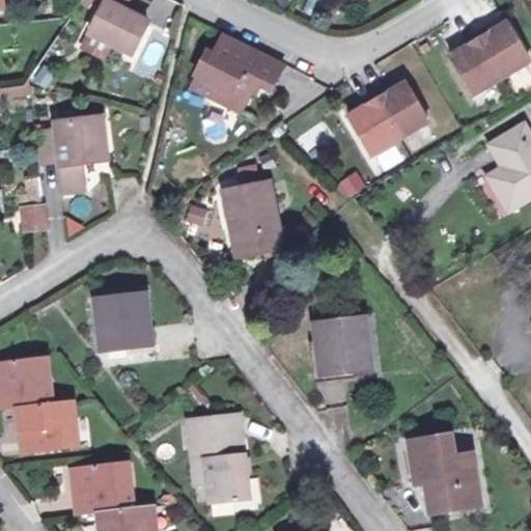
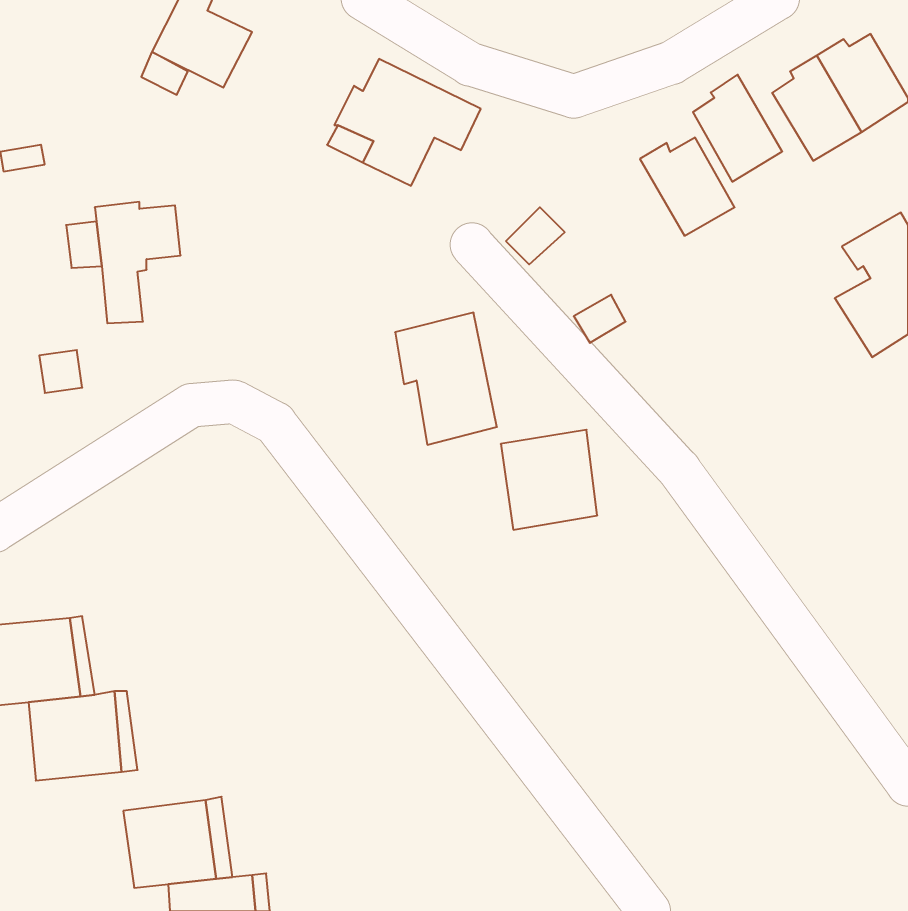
building: [345,92,397,155] -> [693,75,782,182]
building: [99,295,155,352] -> none
building: [317,318,373,376] -> [501,430,597,530]
building: [191,419,250,503] -> none
building: [409,437,479,512] -> none

